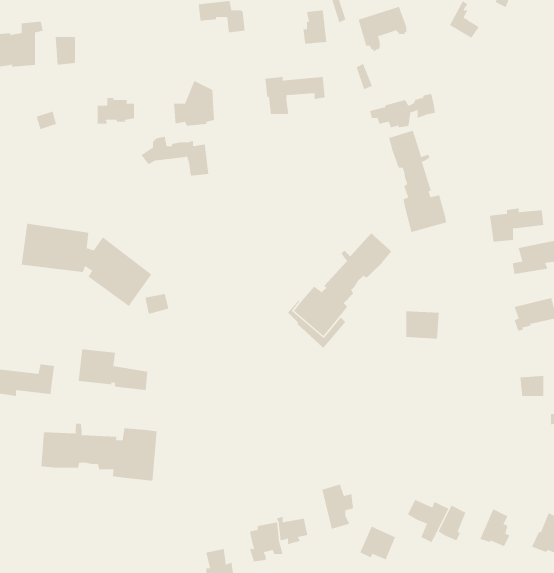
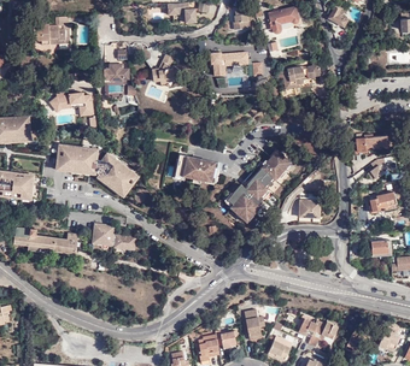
building: [388,130,447,233] -> none
building: [141,136,209,176] -> [49,89,93,114]
building: none -> [175,154,217,182]
building: [41,423,157,482] -> none

